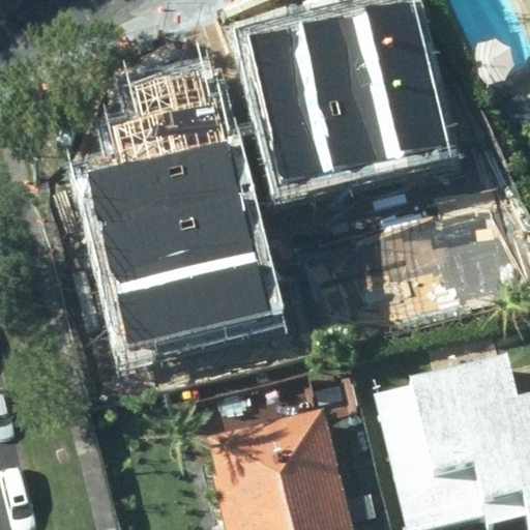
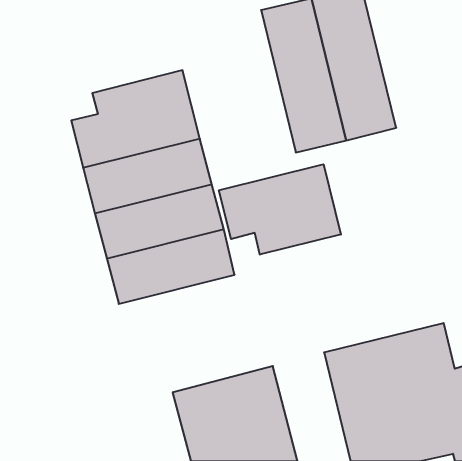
building: [244,11,341,187] -> none
building: none -> [219,164,341,255]

